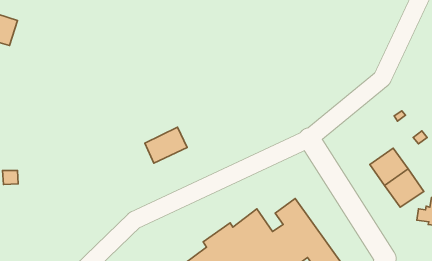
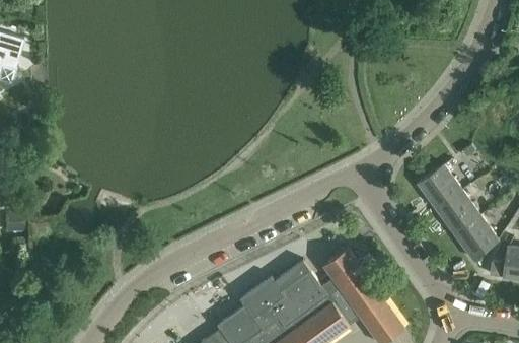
building: none -> [416,164,461,209]
building: [145,127,187,163] -> none

